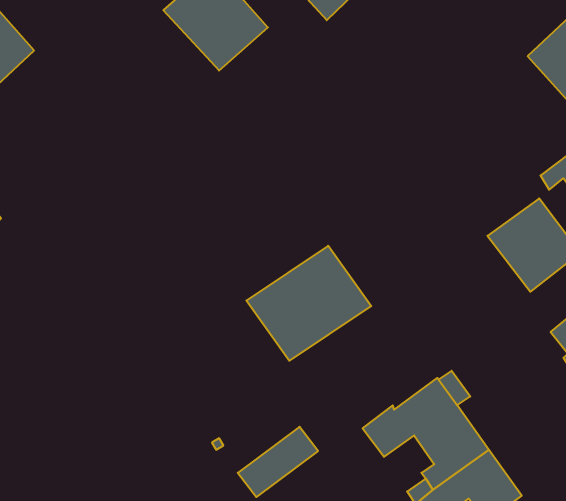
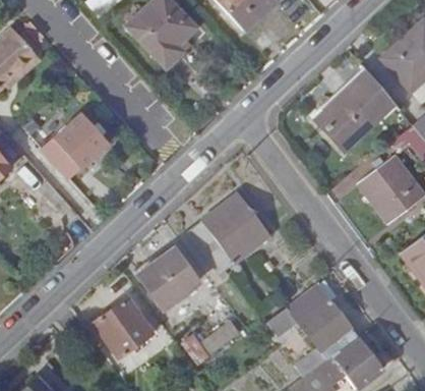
building: none -> [316,66,396,149]
building: none -> [43,114,108,178]
building: none -> [141,246,202,304]
building: none -> [96,295,154,355]

